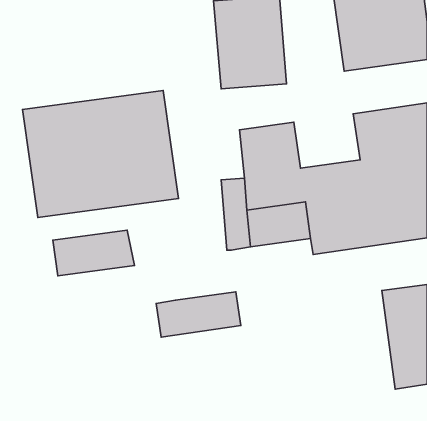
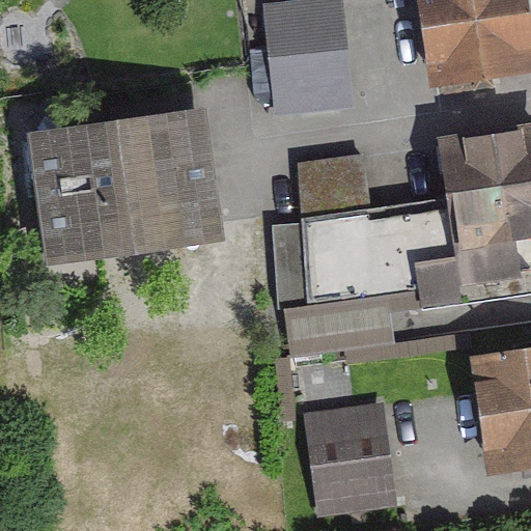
building: [53,230,134,276] -> none
building: [156,292,241,337] -> [286,296,391,352]
building: none -> [306,400,399,510]

